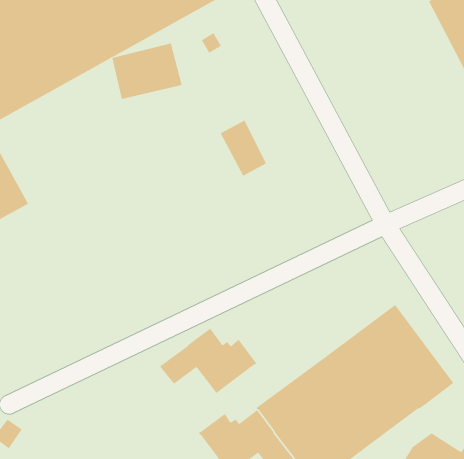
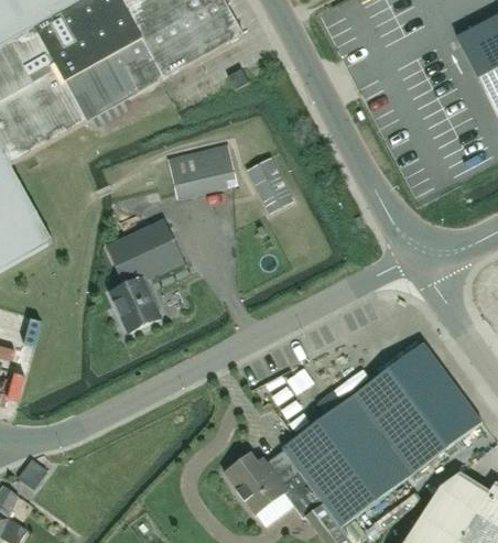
building: [111,43,182,99] -> [165,142,237,199]
building: none -> [106,221,181,333]
building: [160,328,258,394] -> none

